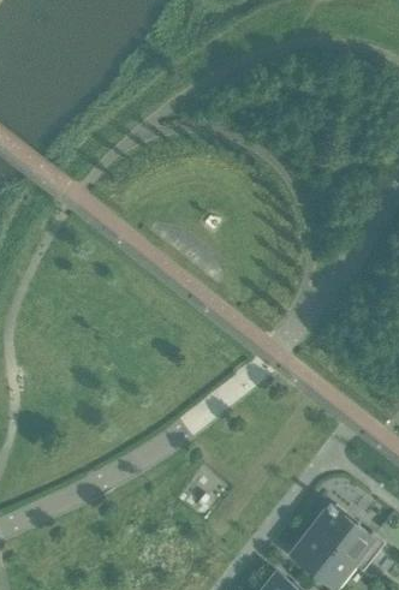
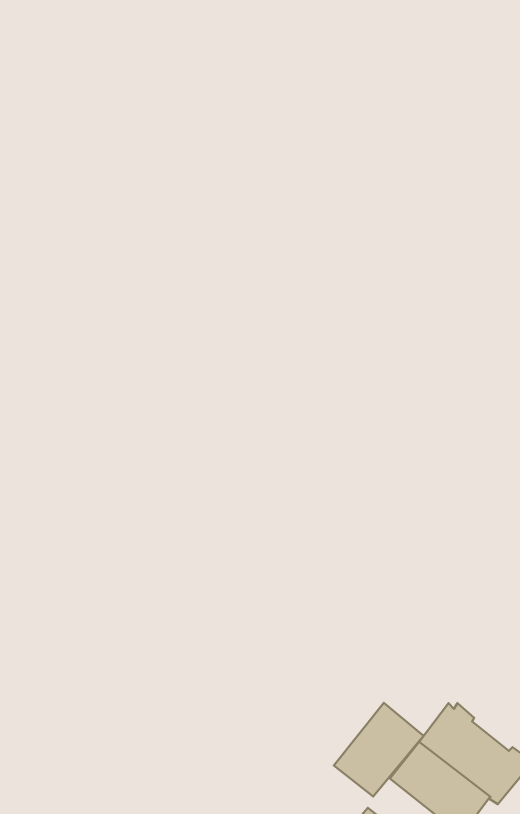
building: none -> [334,703,424,797]

